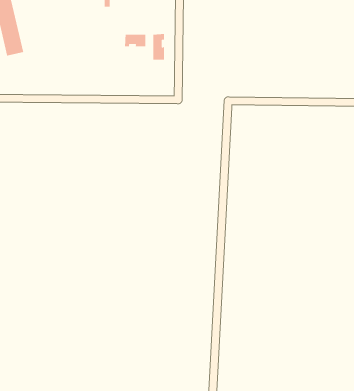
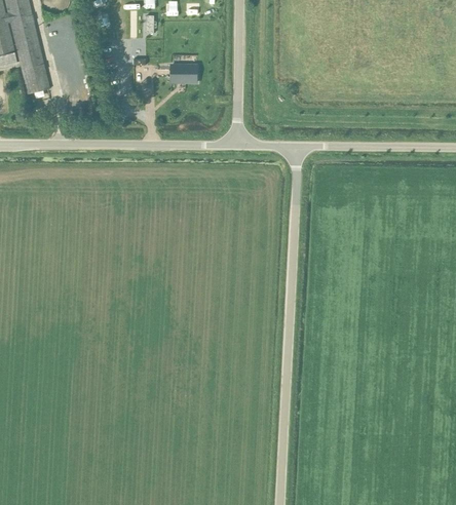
building: [152,33,165,60] -> none

